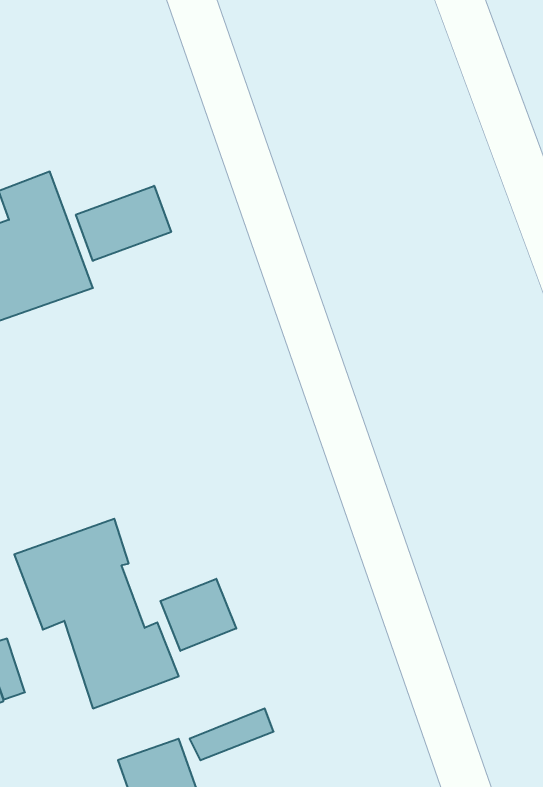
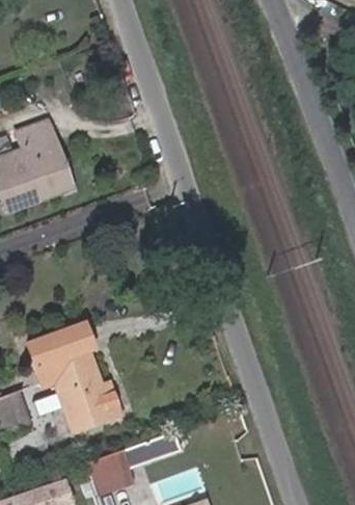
building: [76,186,171,261] -> none
building: [160,579,236,651] -> none

